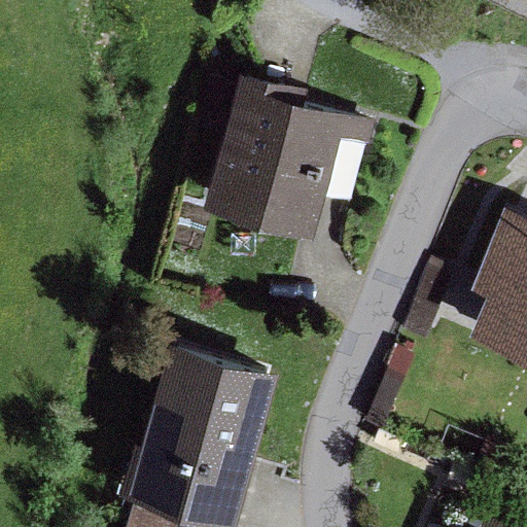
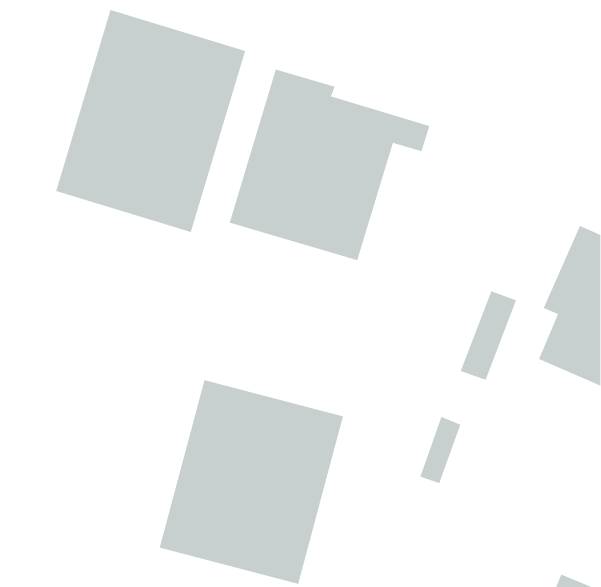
building: none -> [56,9,246,233]

